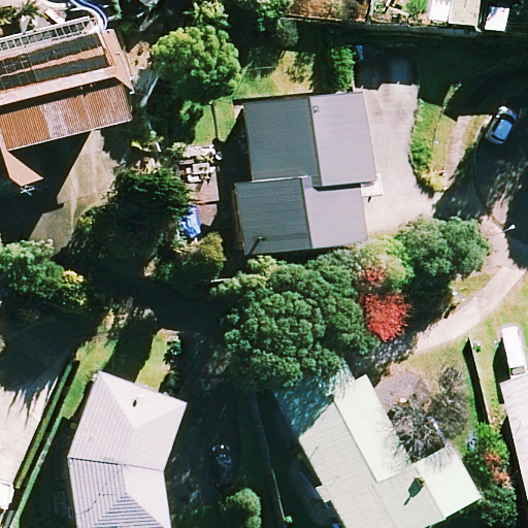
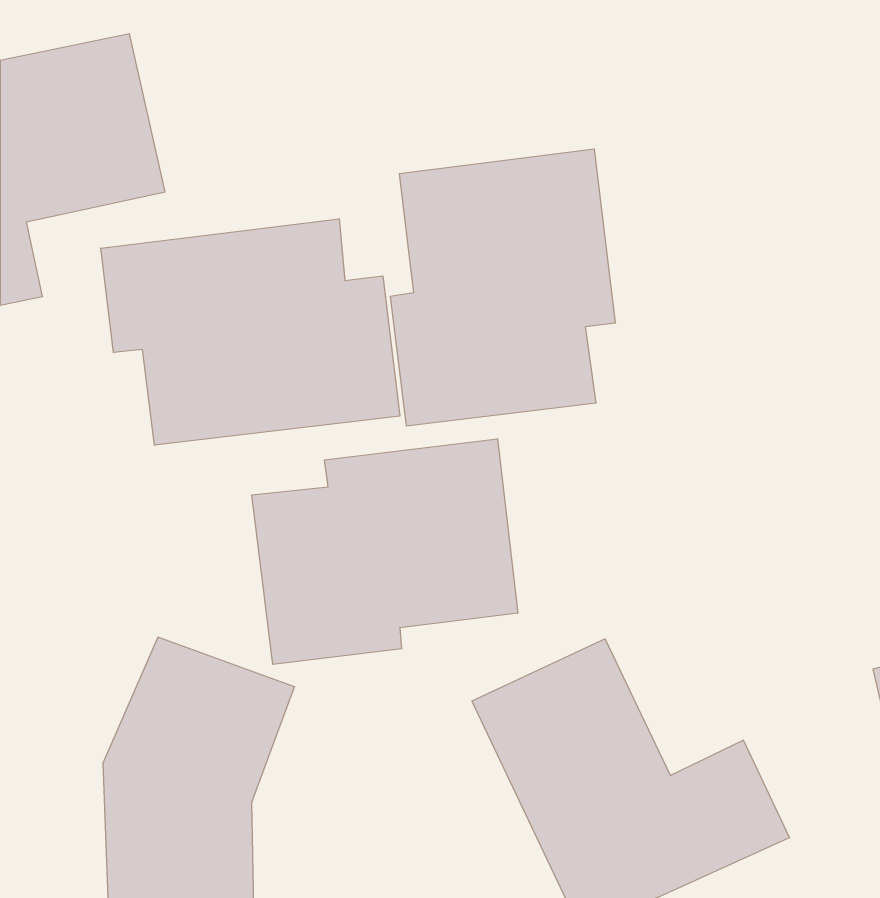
building: none -> [101,219,400,445]
building: none -> [252,439,518,664]

